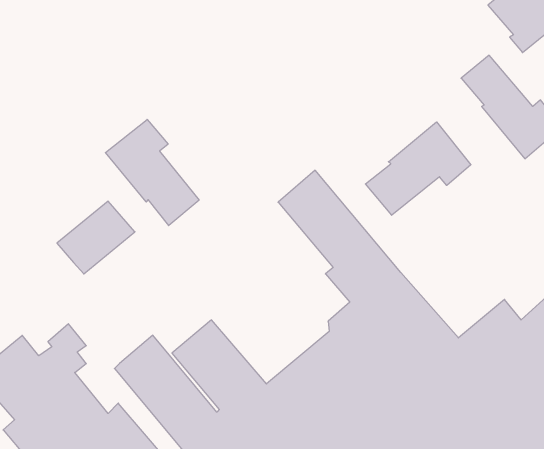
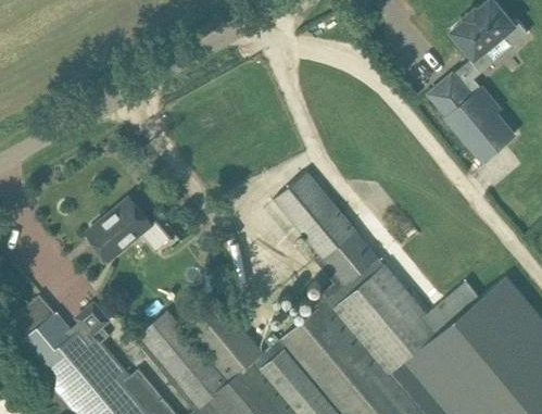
building: [105,119,199,226] -> none
building: [365,122,471,215] -> none

